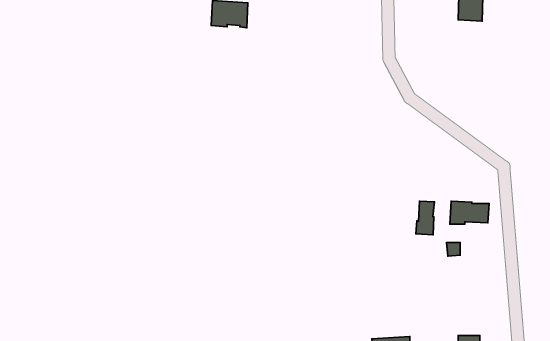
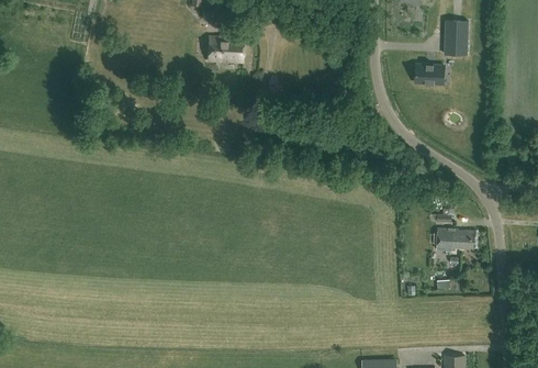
building: none -> [415,64,444,83]
building: [416,201,434,235] -> none

